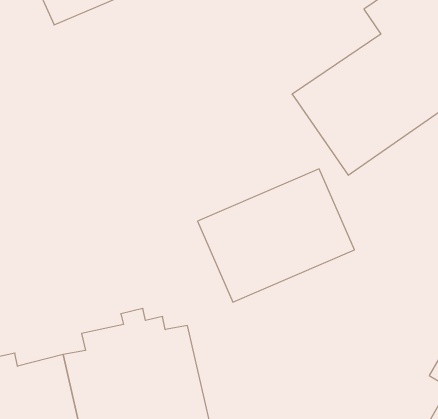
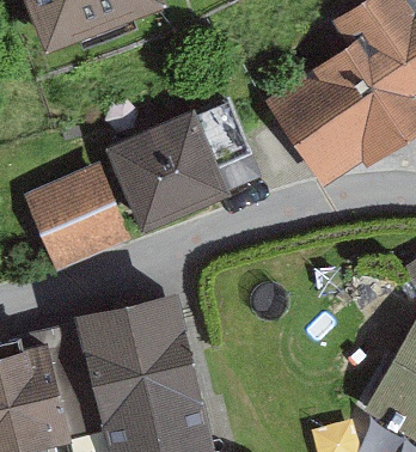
building: [198,169,354,302] -> [110,108,253,230]
building: none -> [32,181,120,265]

